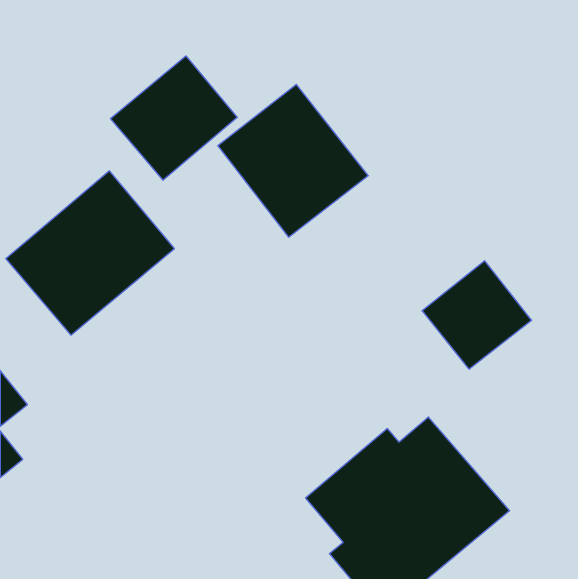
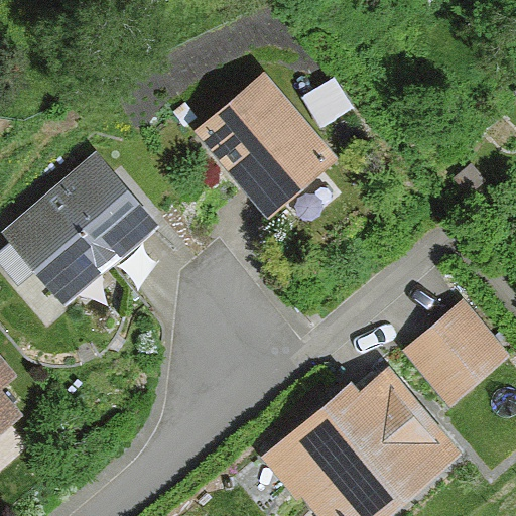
building: [111,56,237,180] -> none
building: [422,261,532,369] -> [407,305,504,401]

